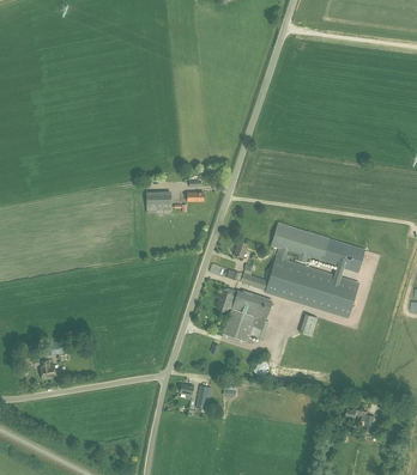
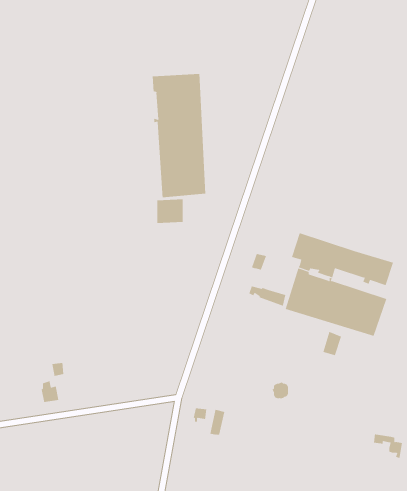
building: none -> [152,73,206,198]
building: [217,286,272,340] -> none

